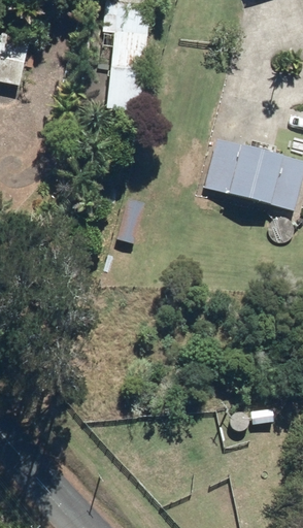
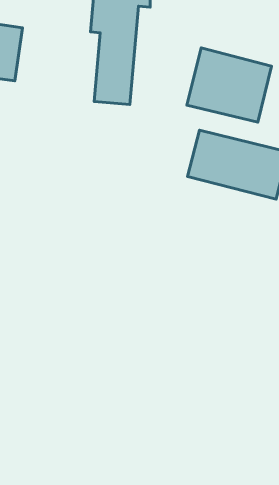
building: none -> [187,48,272,122]

